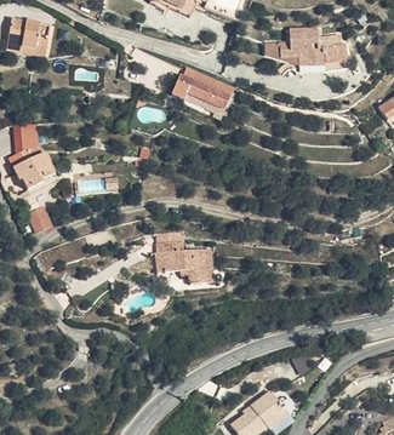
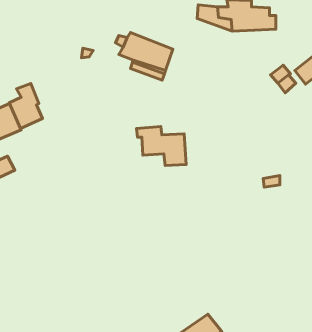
building: none -> [9,83,42,128]
building: [156,237,213,282] -> [136,126,186,166]

